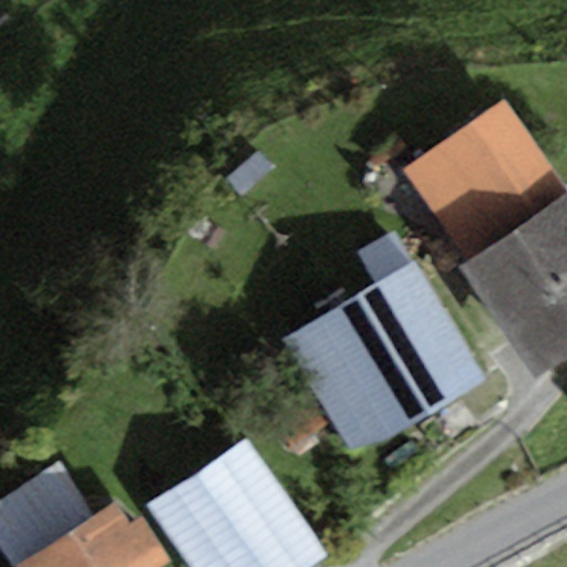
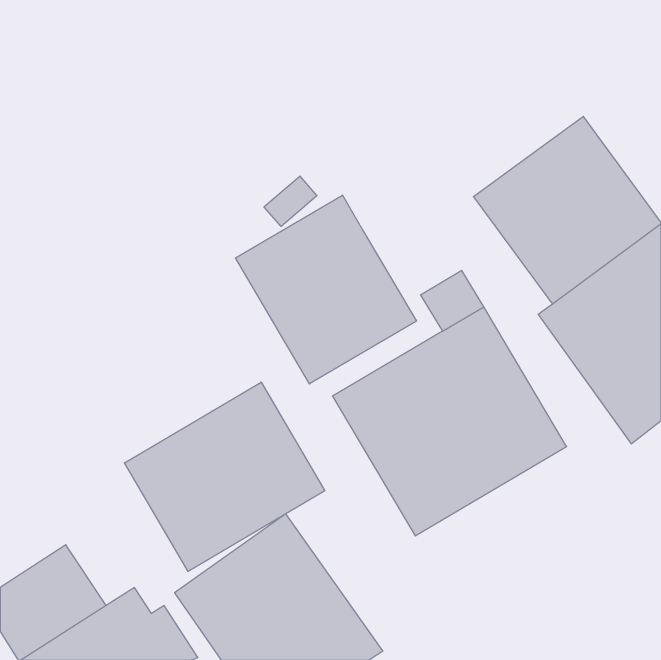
building: none -> [235,195,417,384]
building: none -> [124,382,325,571]

